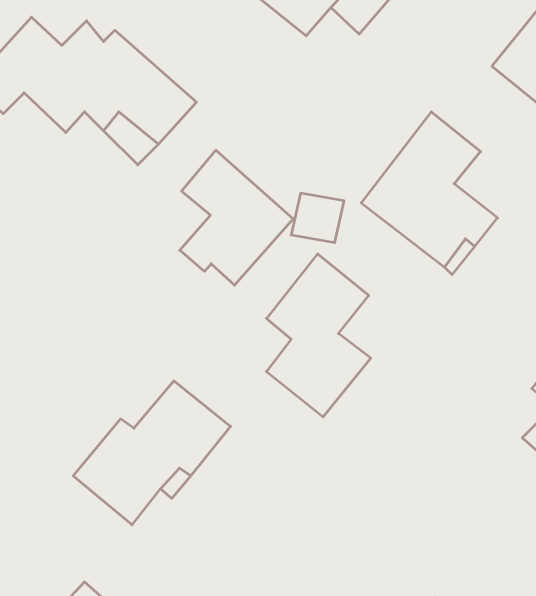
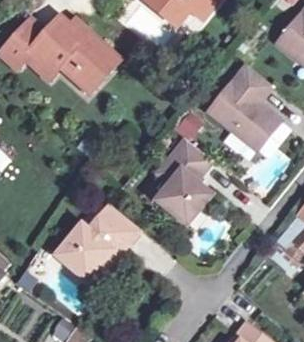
building: [180,150,293,285] -> none

